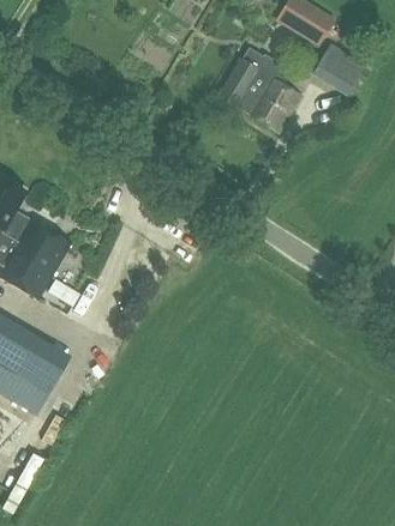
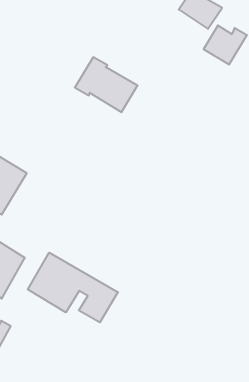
building: [215,58,300,132] -> [75,57,138,112]
building: none -> [28,253,118,322]

